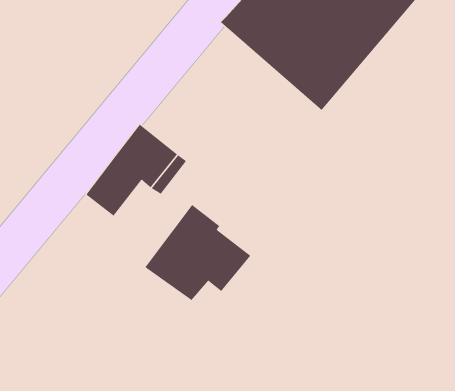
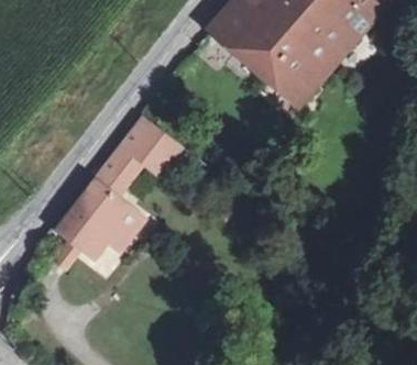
building: [144,204,251,301] -> [57,172,149,254]

